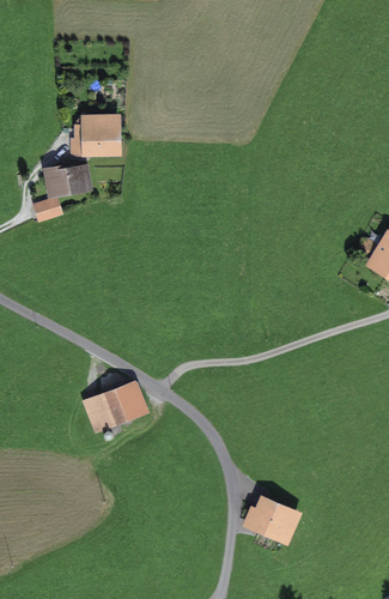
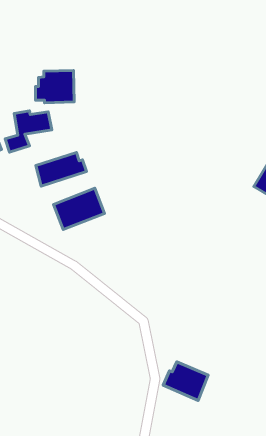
building: none -> [36,153,86,186]
building: [80,381,148,436] -> [53,188,105,230]

